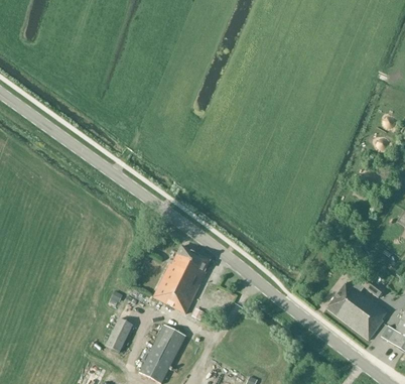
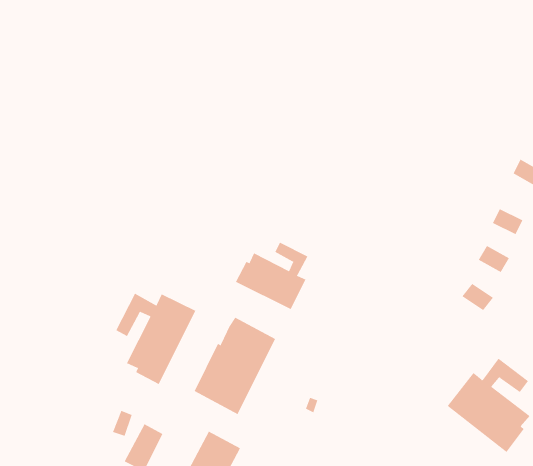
building: none -> [235,242,308,310]
building: none -> [116,293,196,385]

